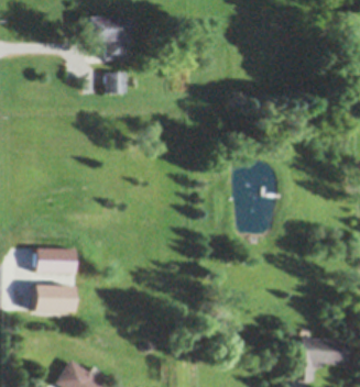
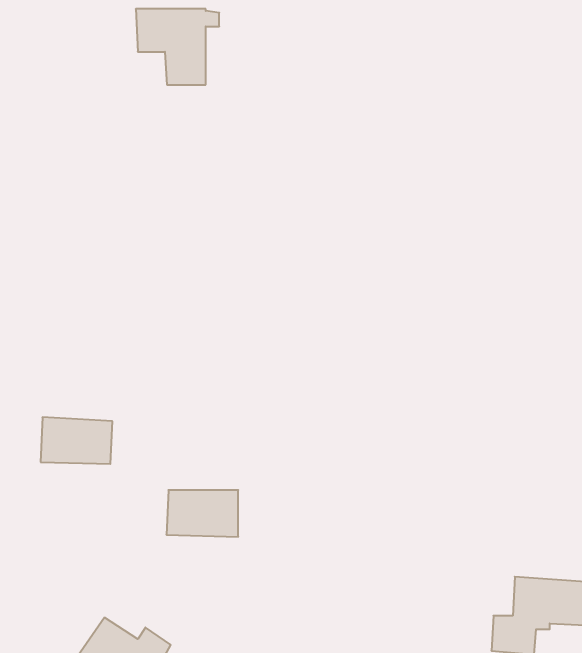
building: [106,73,127,93] -> none
building: [33,286,74,312] -> [166,490,238,537]

